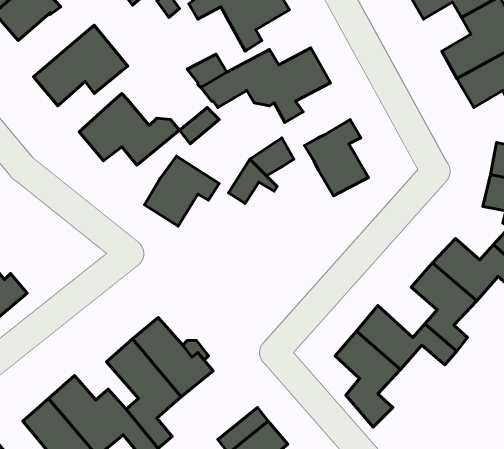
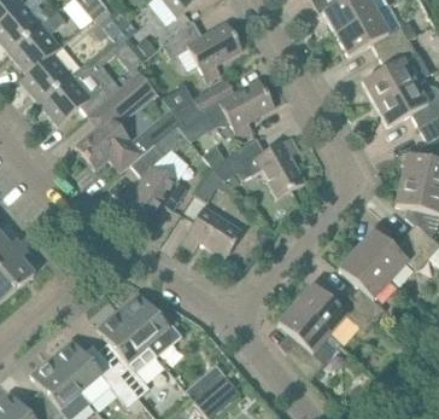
building: none -> [21,52,72,103]
building: none -> [110,72,153,115]
building: none -> [181,206,242,257]

